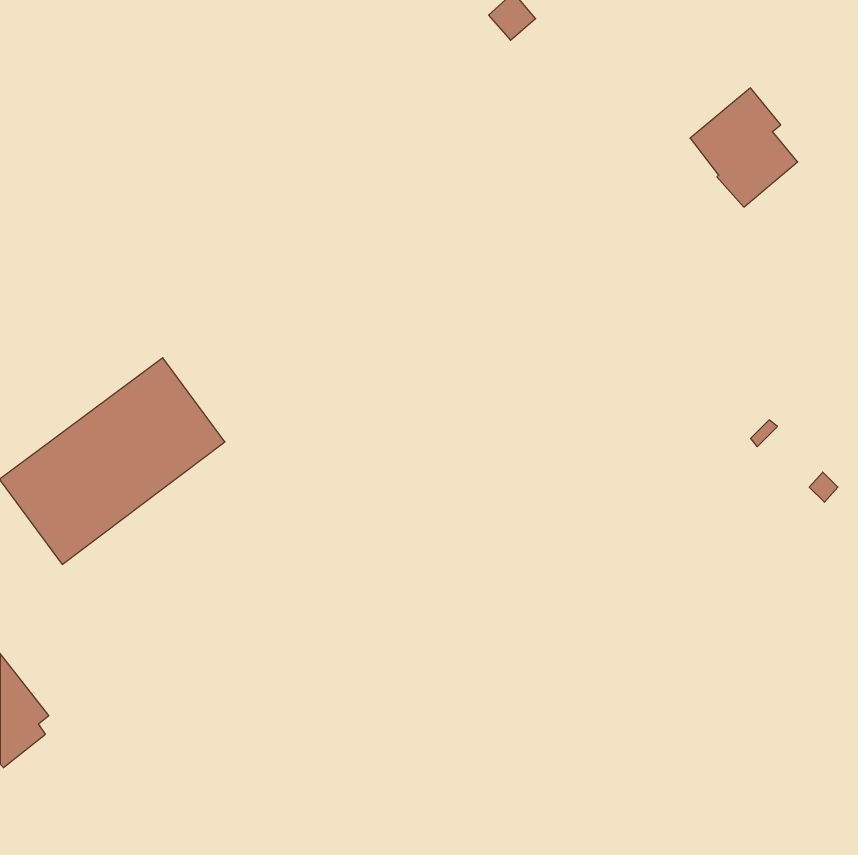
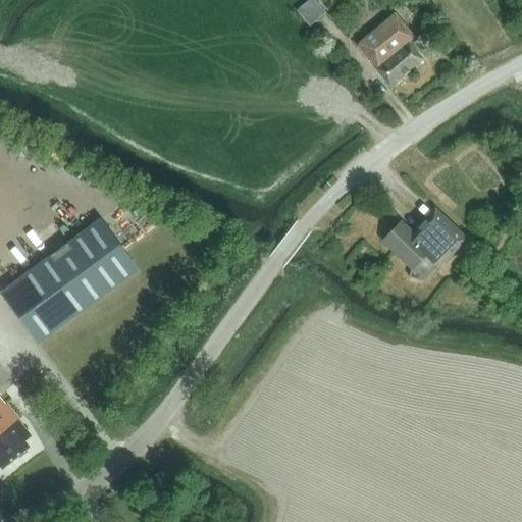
building: [690,88,798,207] -> [358,12,423,85]
building: none -> [382,206,467,279]

